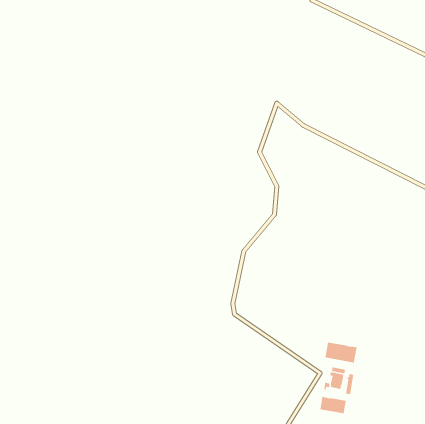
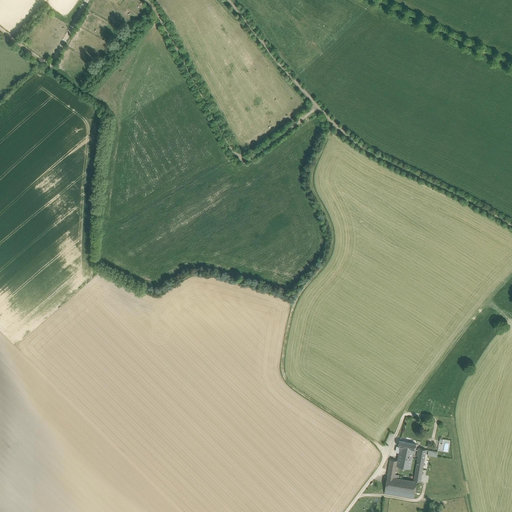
building: [324,341,357,364] -> none

